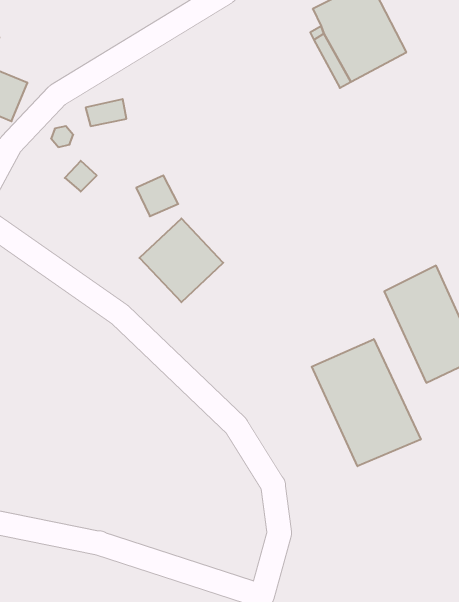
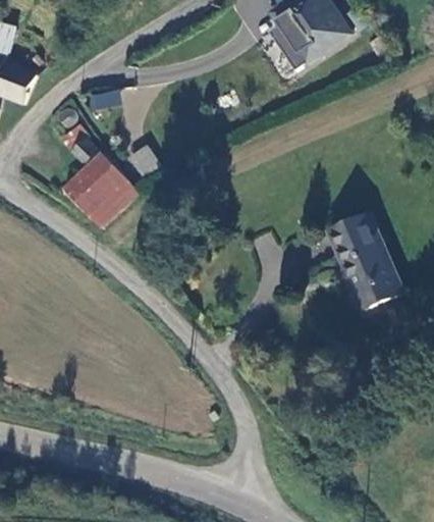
building: [139,218,223,302] -> [65,153,134,222]
building: [312,339,421,466] -> none

